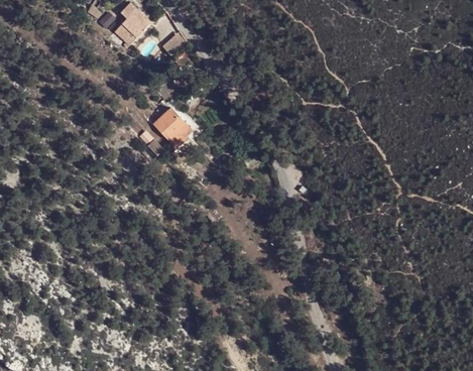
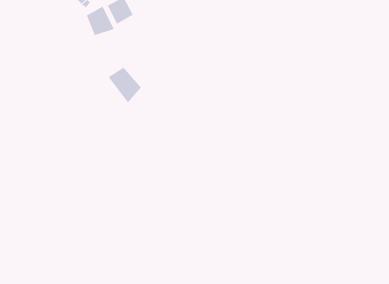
building: none -> [86,6,115,36]

